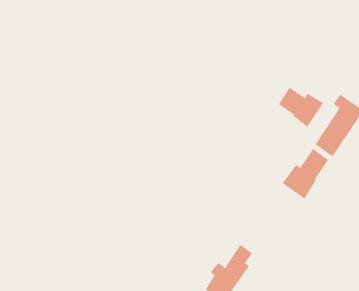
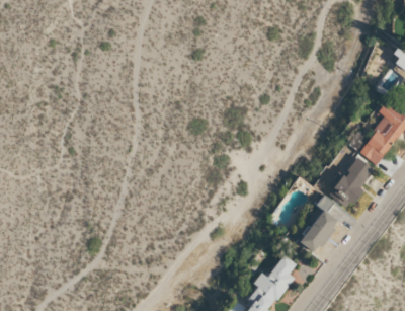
building: [278,87,324,127] -> none
building: none -> [299,193,339,252]

